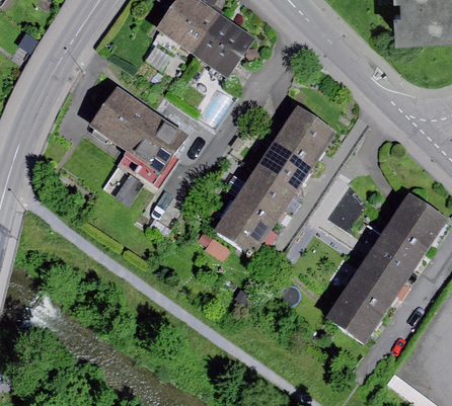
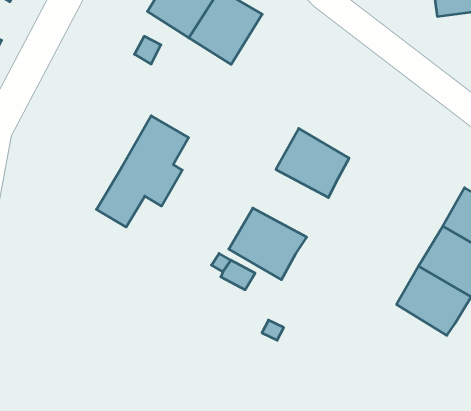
building: [90,86,156,154] -> none
building: [277,101,338,160] -> none
building: [234,165,297,223] -> none
building: [324,283,386,344] -> none

